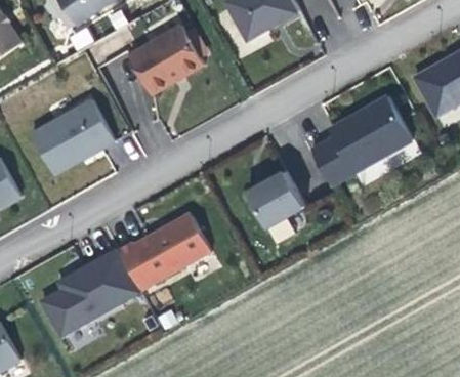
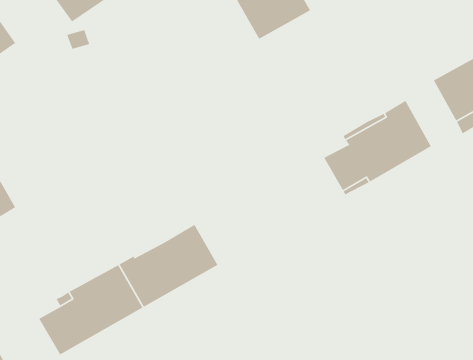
building: [129,26,204,94] -> none
building: [31,99,116,175] -> none
building: [248,171,304,227] -> none

